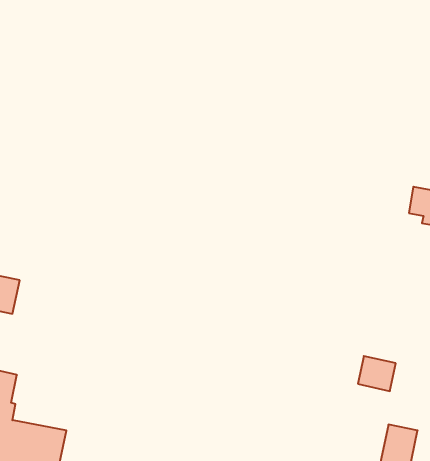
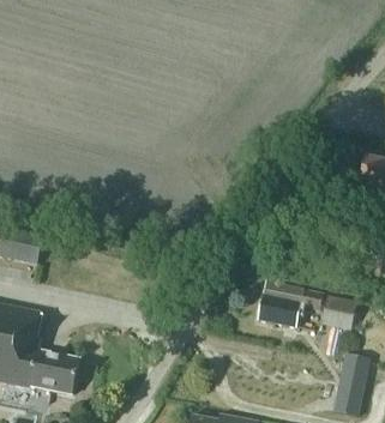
building: none -> [255,280,320,326]

